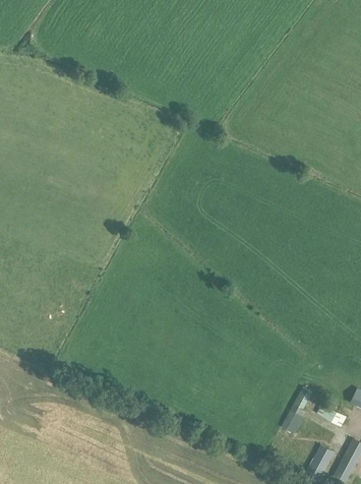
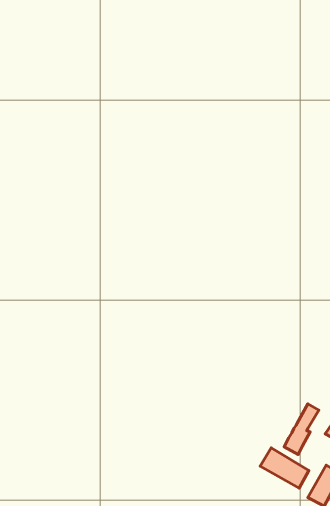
building: none -> [260,448,309,488]

